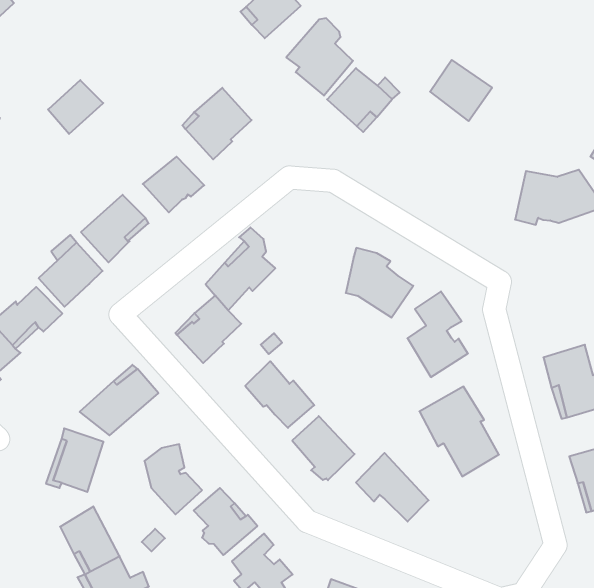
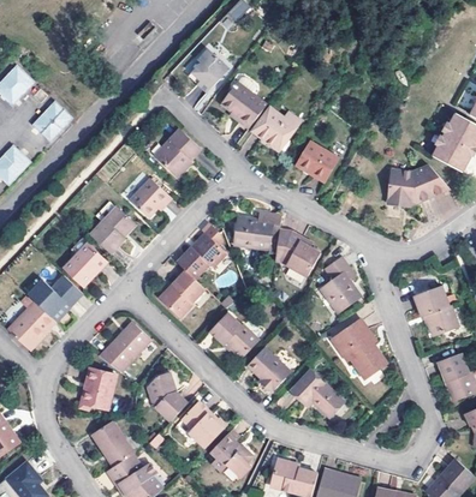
building: [430,60,492,121] -> [294,140,337,181]
building: [48,80,103,134] -> [34,102,71,139]
building: none -> [231,211,281,248]

